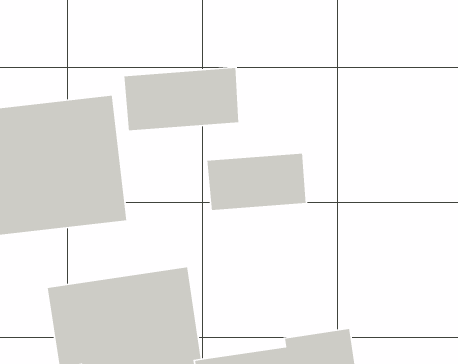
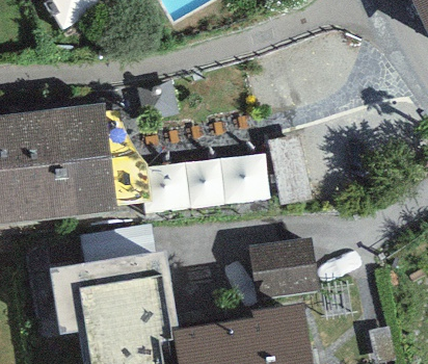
building: [124,67,239,131] -> none
building: none -> [248,239,319,298]

